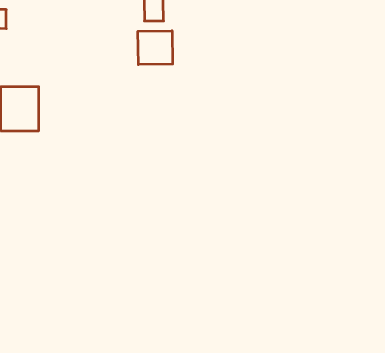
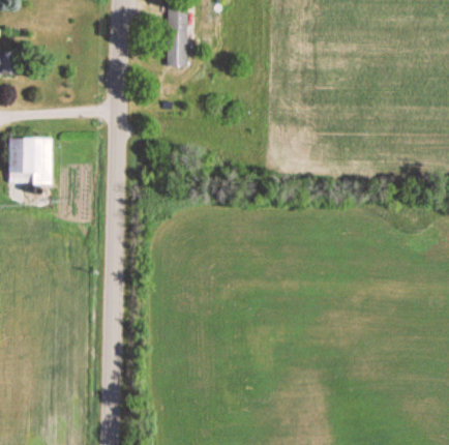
building: [138,31,173,65] -> none

